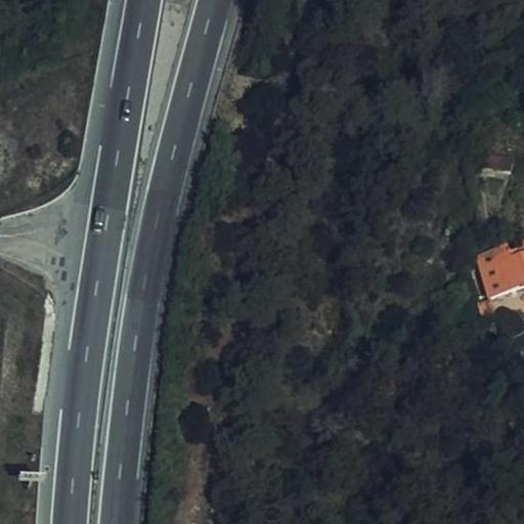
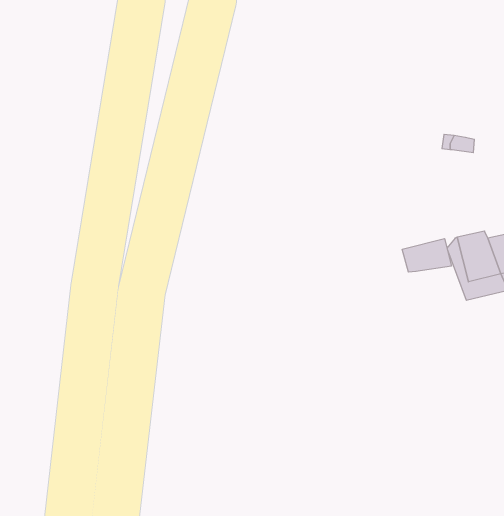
building: none -> [402,239,451,272]

